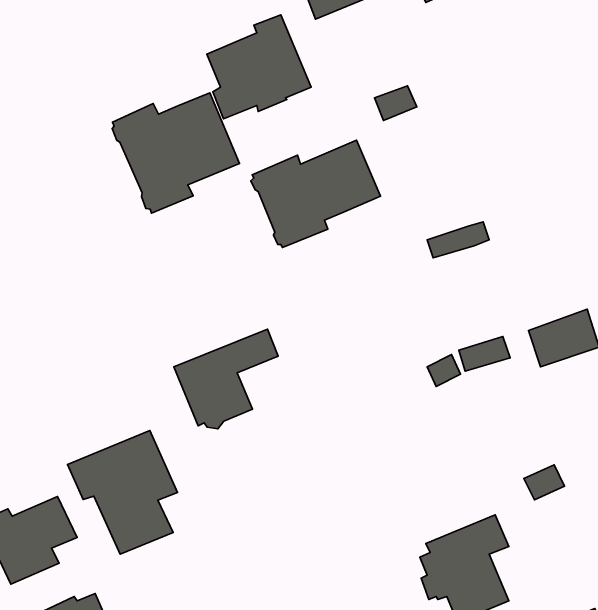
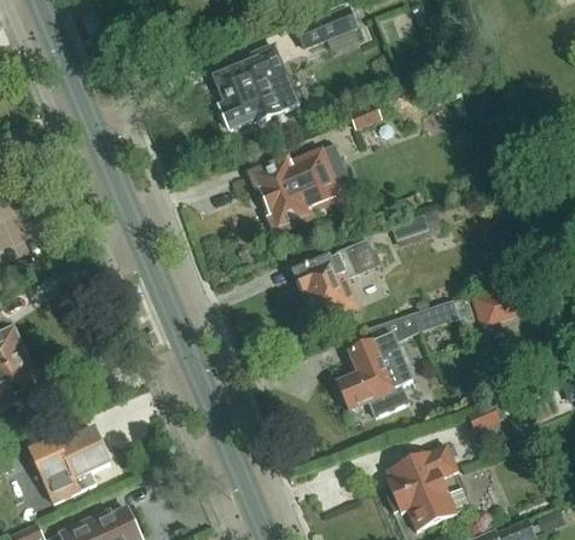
building: [112,93,239,213] -> none
building: [174,329,278,429] -> [294,240,377,320]
building: none -> [336,332,412,417]
building: [68,431,178,554] -> none

